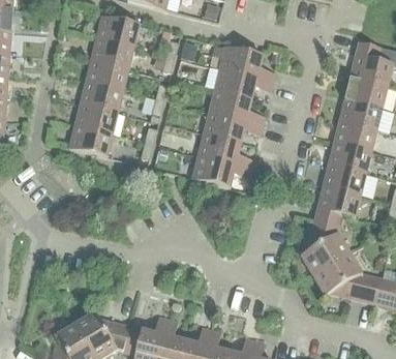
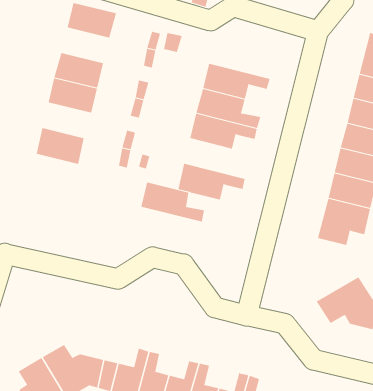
building: [91,37,133,68] -> none
building: [219,46,275,82] -> none
building: [74,102,118,133] -> none
building: [197,133,253,169] -> [140,182,205,222]
building: [301,220,349,275] -> none

